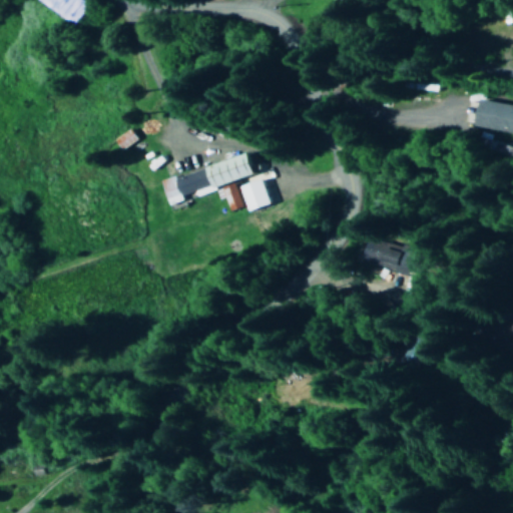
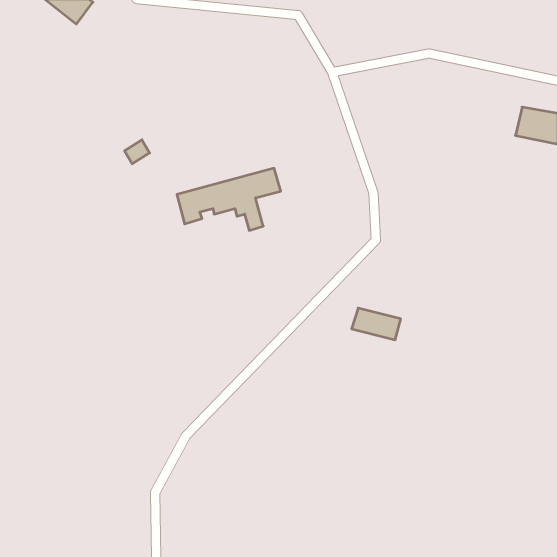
building: [243,180,272,211] -> none
building: [364,241,409,271] -> [352,308,401,340]

